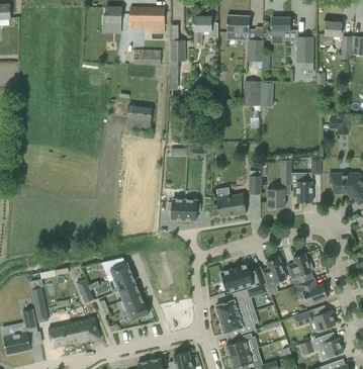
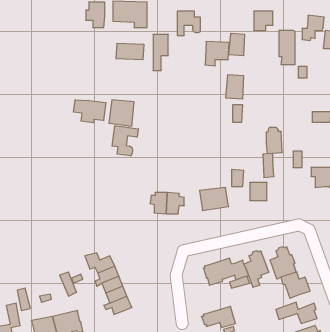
building: [225,15,250,39] -> [205,42,229,66]
building: none -> [74,100,106,123]
building: none -> [112,126,138,156]
building: [296,177,312,203] -> [266,127,282,154]
building: [214,297,248,321] -> none

